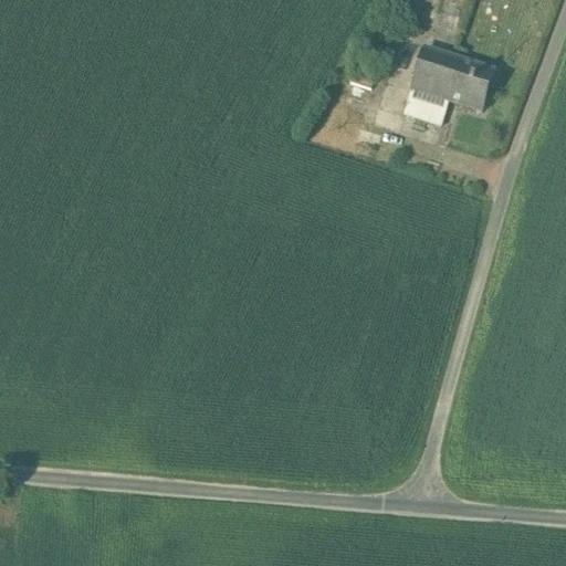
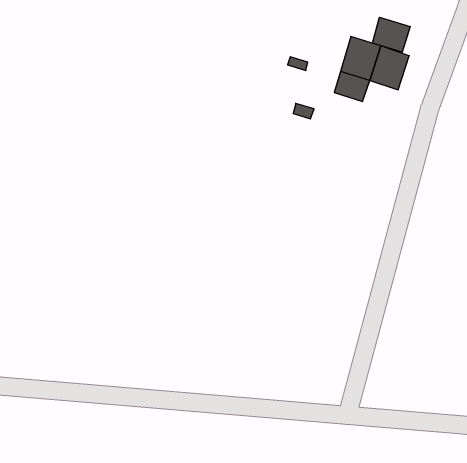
building: none -> [373,17,410,52]

